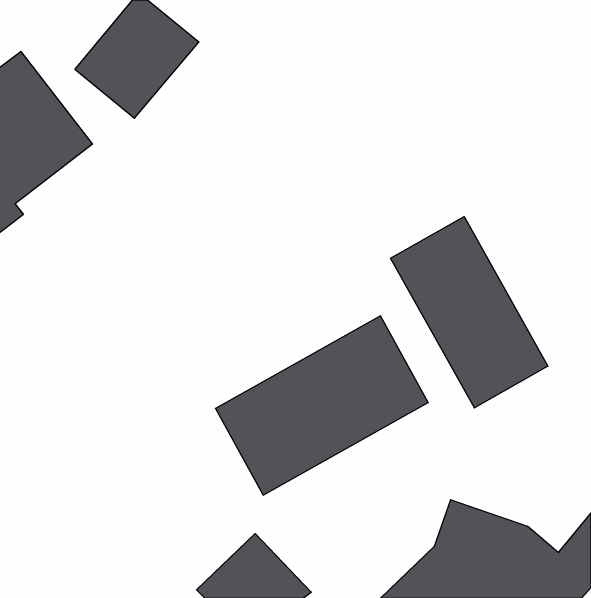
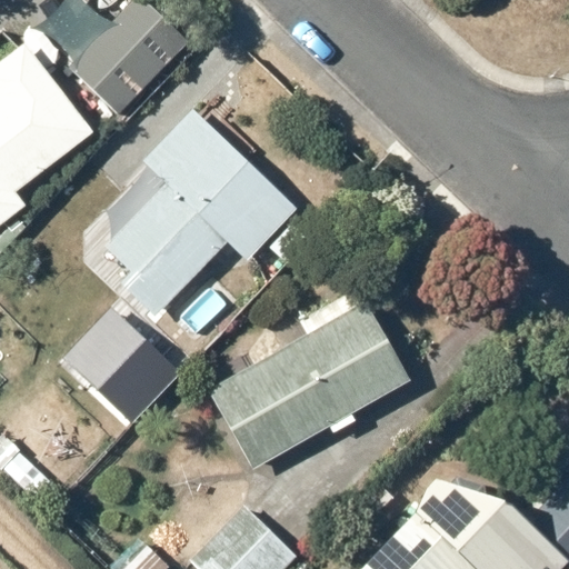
building: none -> [106,107,298,321]
building: [391,217,548,408] -> none
building: none -> [81,328,174,421]

